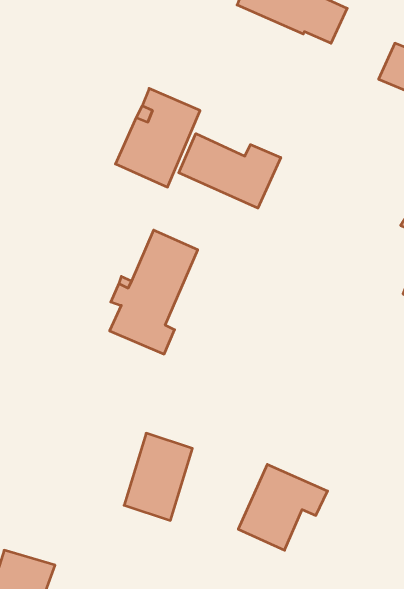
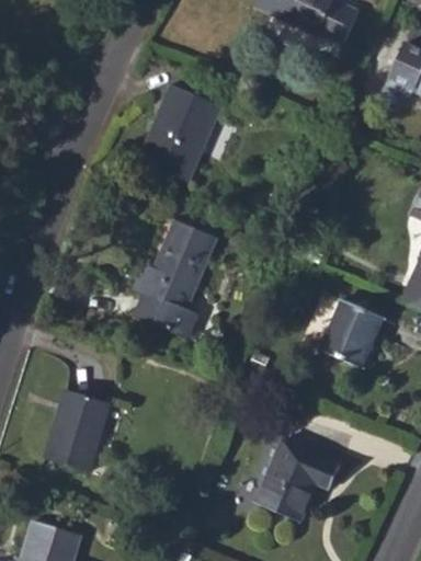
building: [179,134,281,208] -> none
building: none -> [320,300,384,368]
building: [124,433,192,520] -> [45,390,110,472]

